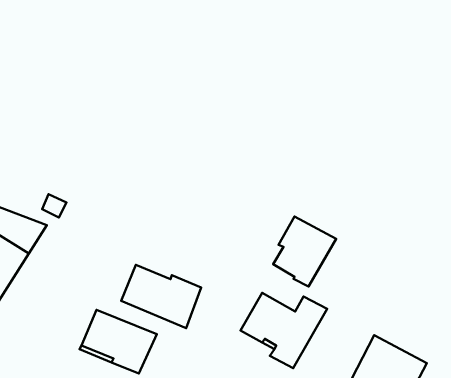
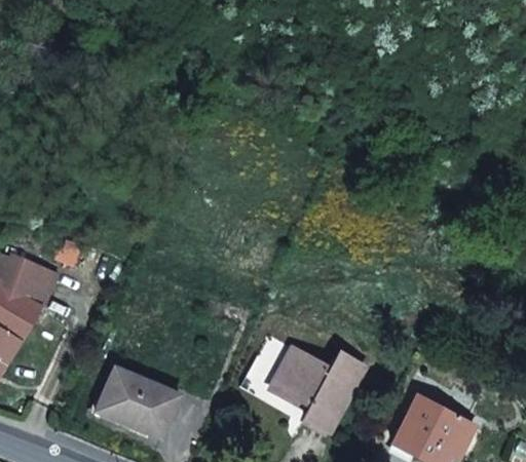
building: [273,216,336,287] -> none
building: [121,265,201,328] -> none

